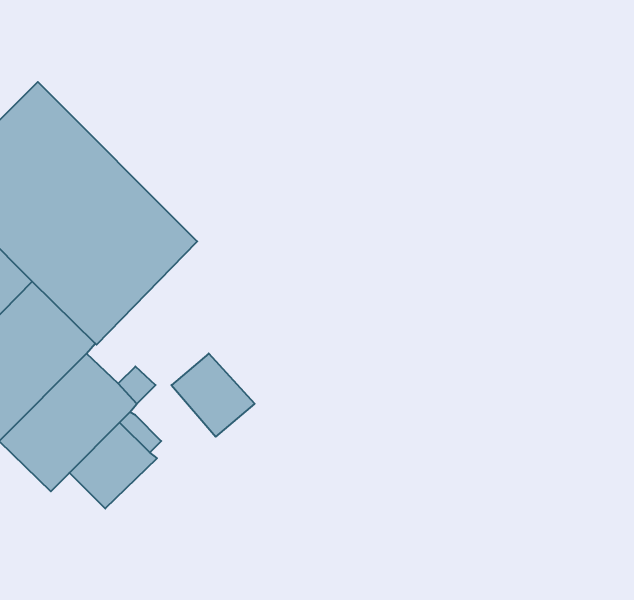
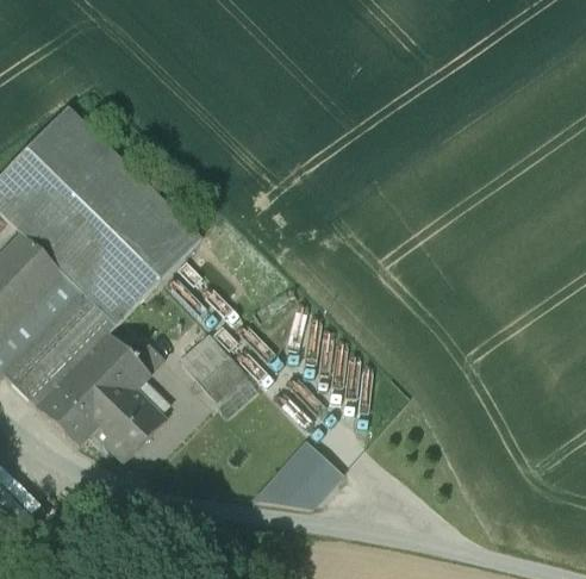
building: none -> [256,441,339,505]

